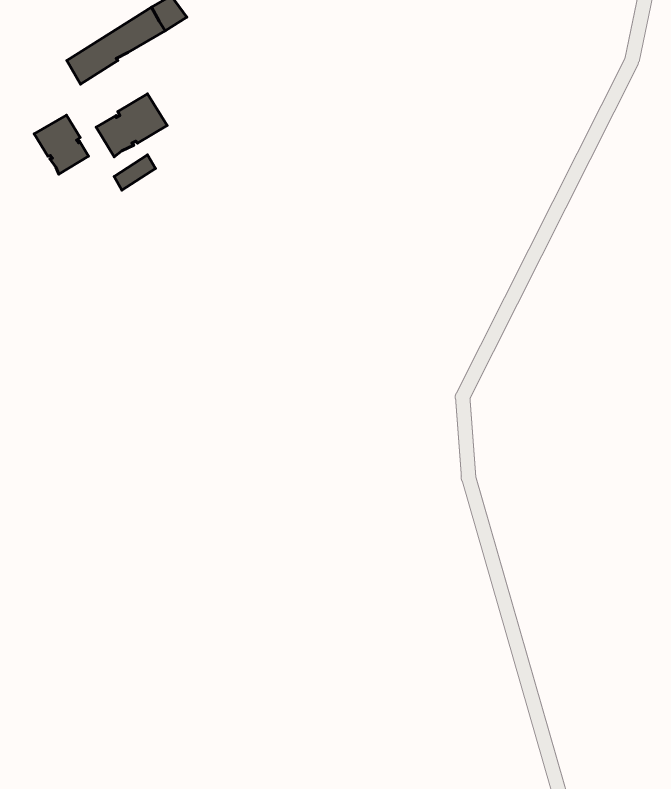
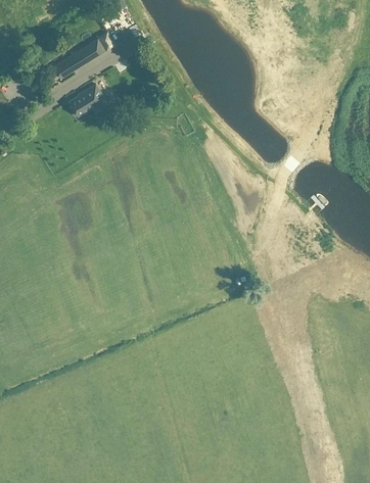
building: [34,115,89,174] -> none

